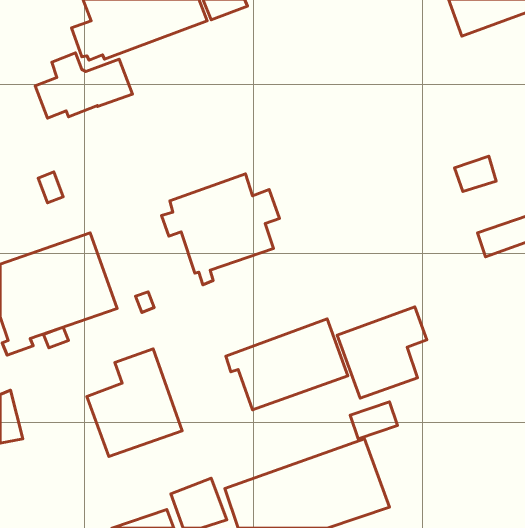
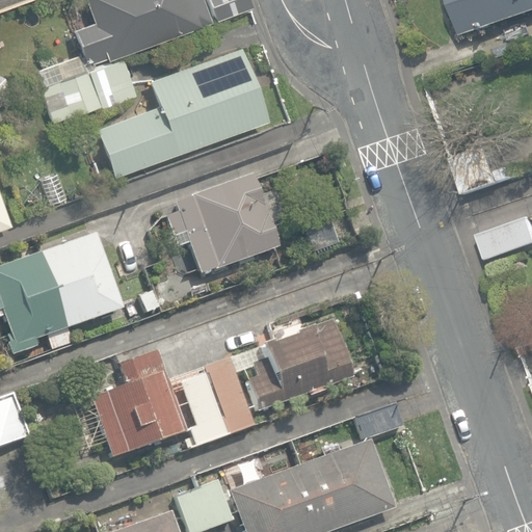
building: none -> [97,48,266,175]
building: [337,307,427,398] -> none
building: none -> [181,358,252,447]

